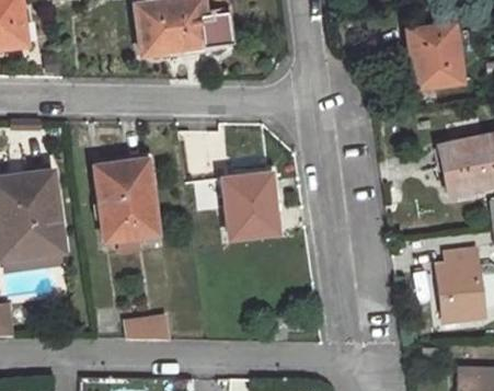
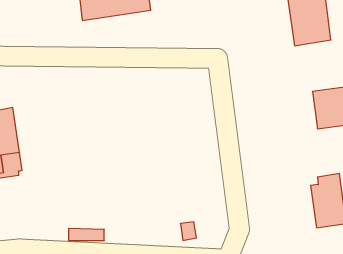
building: [97,162,158,240] -> none
building: [223,172,275,237] -> none

